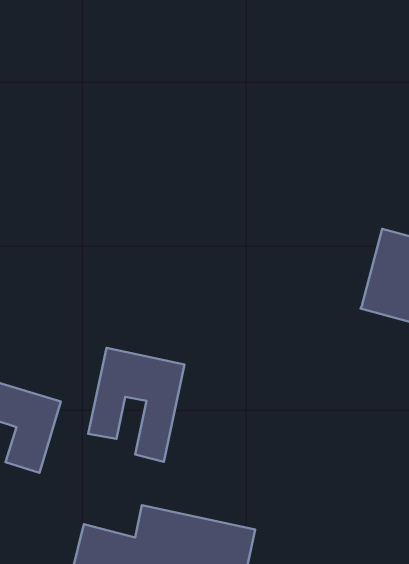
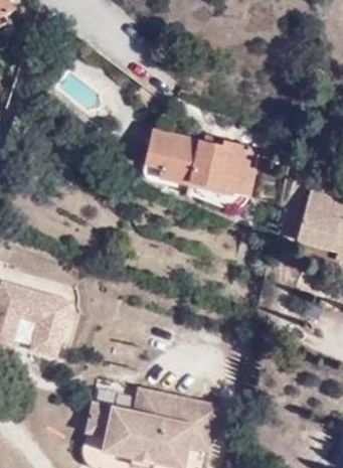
building: none -> [143,125,258,195]
building: [88,348,185,462] -> none

